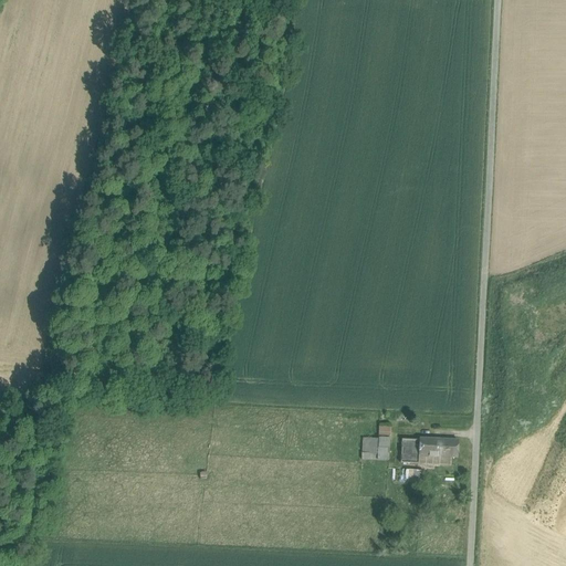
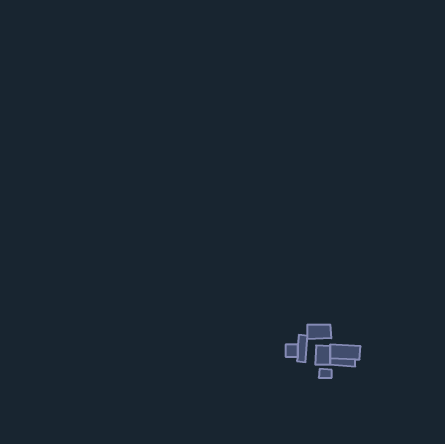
building: none -> [307,325,331,339]

